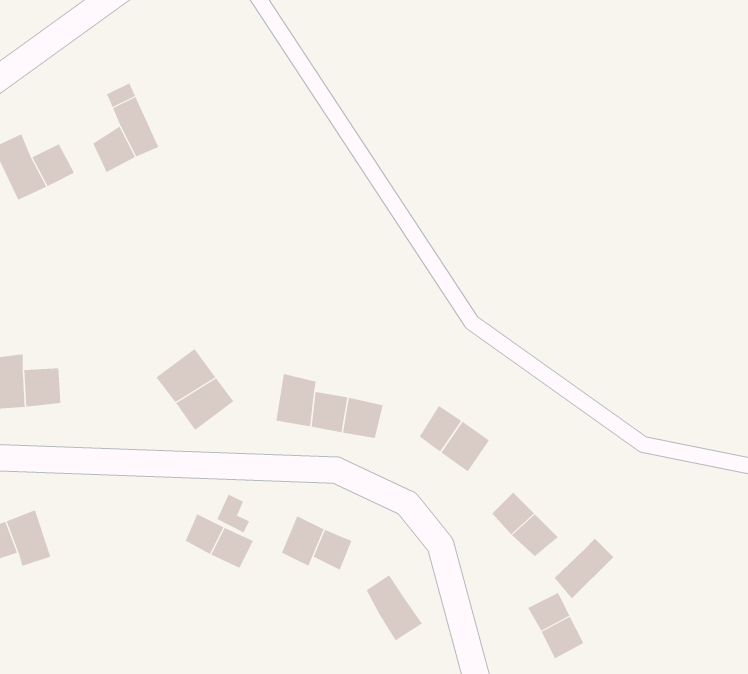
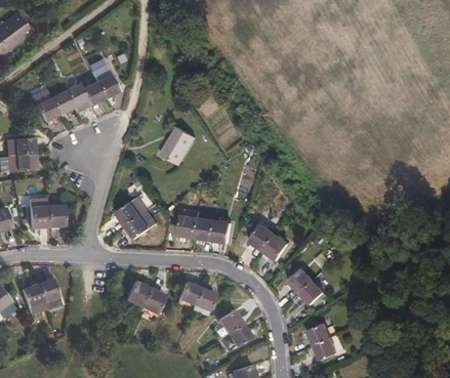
building: none -> [66,83,90,112]
building: none -> [161,129,195,165]
building: [554,538,614,599] -> none

